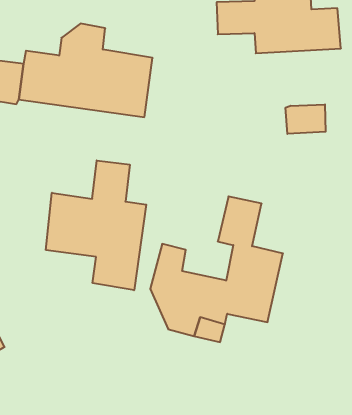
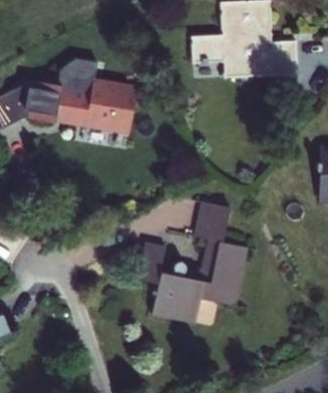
building: [286,104,326,134] -> none
building: [46,160,146,290] -> none

